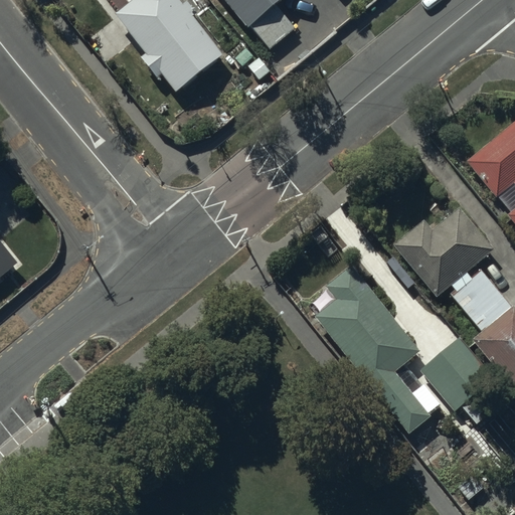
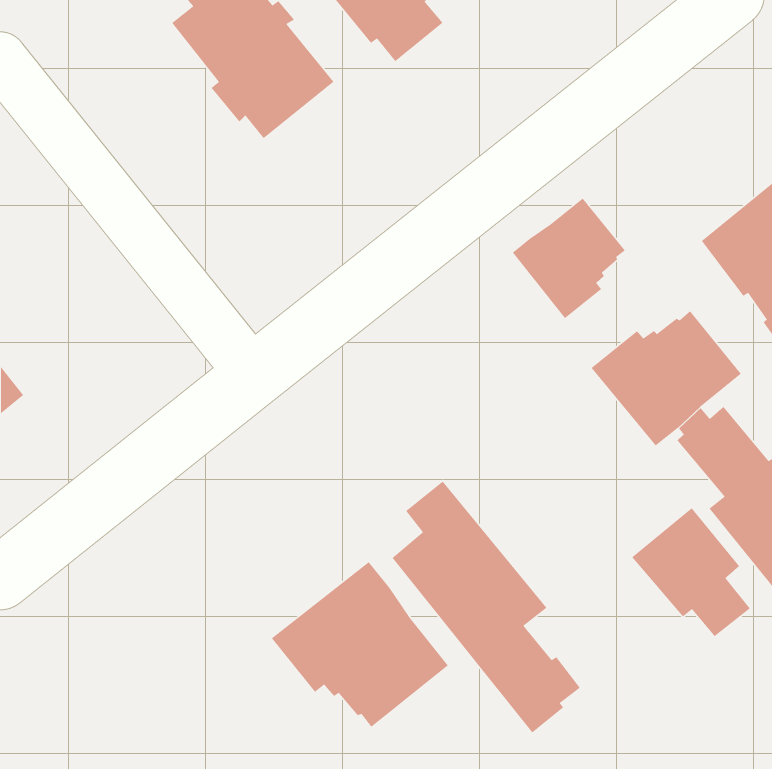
building: none -> [512,197,626,319]
building: [316,266,442,434] -> [391,481,581,733]
building: none -> [271,561,449,728]

